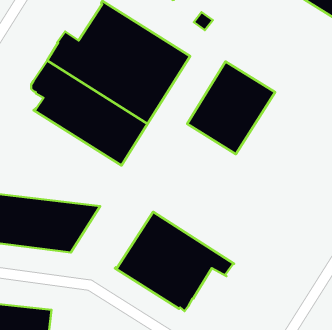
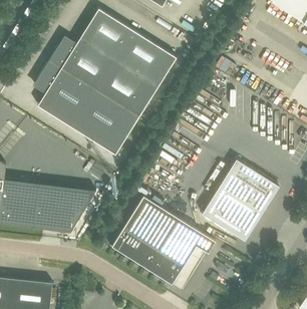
building: [187,62,275,154] -> [202,159,280,241]

